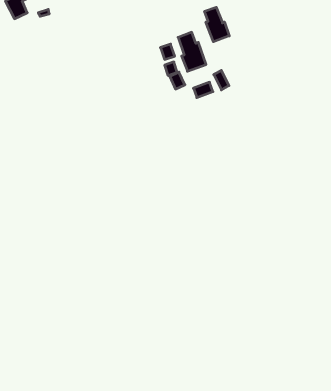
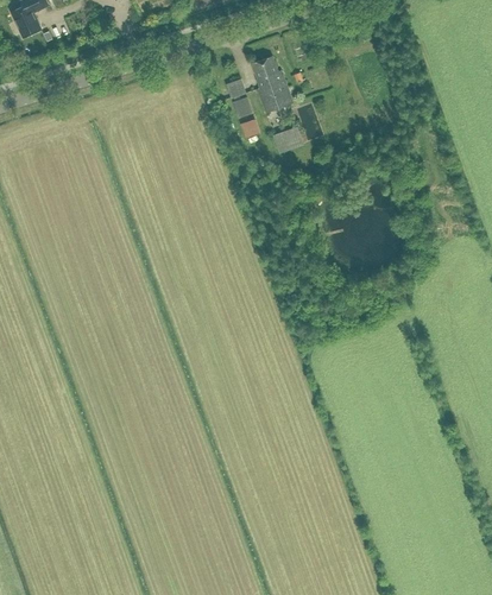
building: [205,7,229,42] -> none

